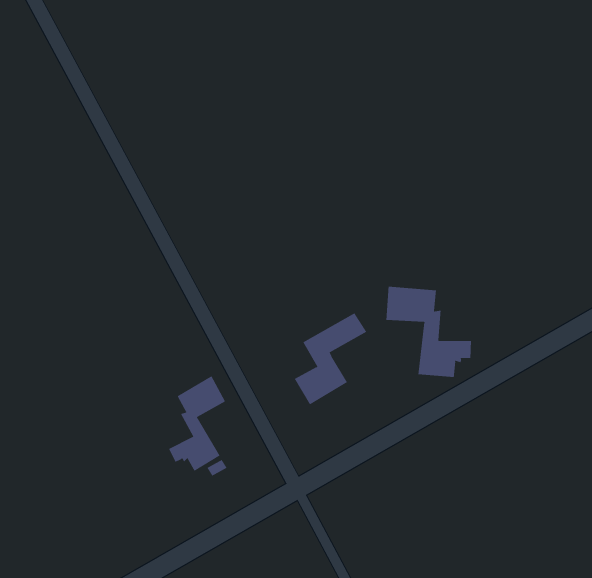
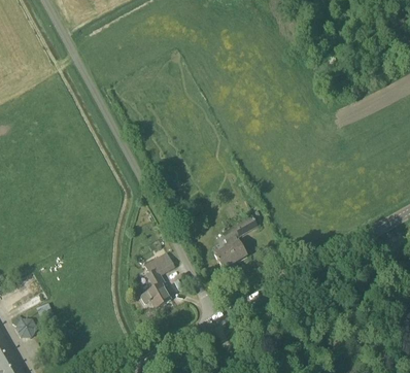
building: [386,286,472,378] -> none

